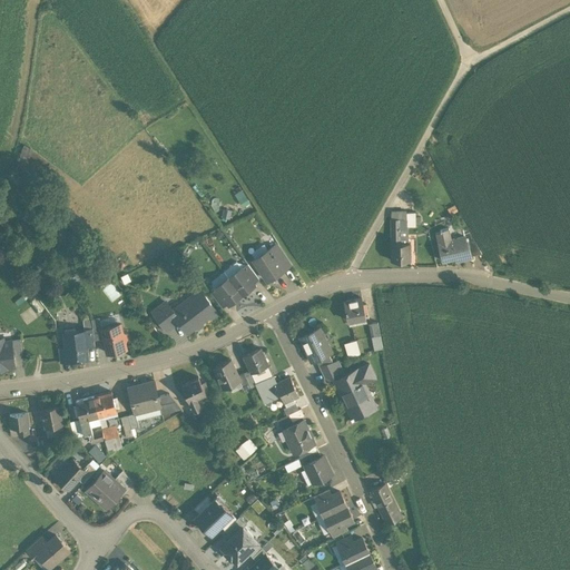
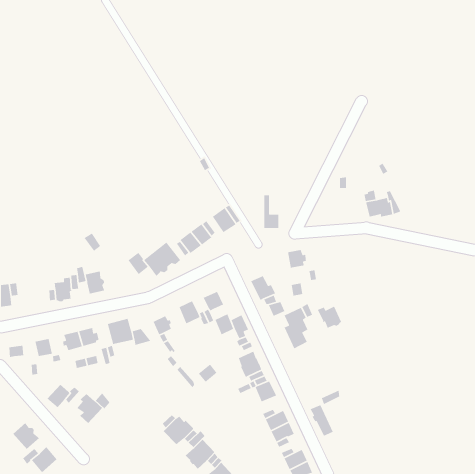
building: [391,220,410,262] -> [263,194,279,229]
building: none -> [317,306,342,329]
building: none -> [12,422,40,450]

